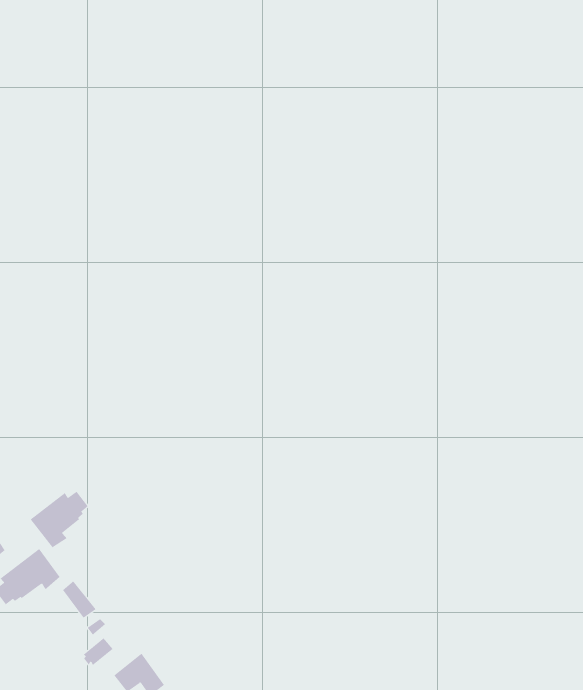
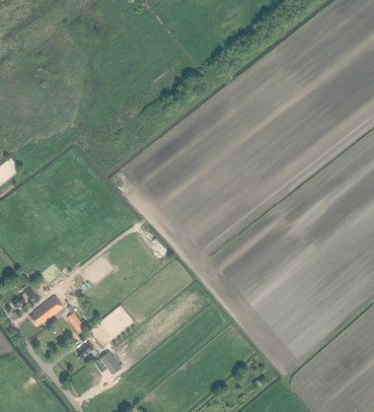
building: [30,491,89,548] -> none

